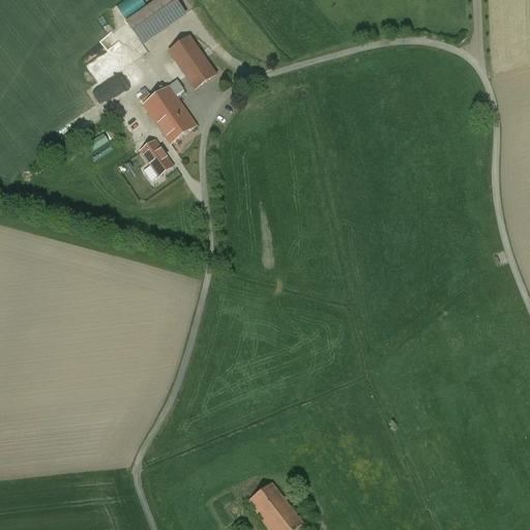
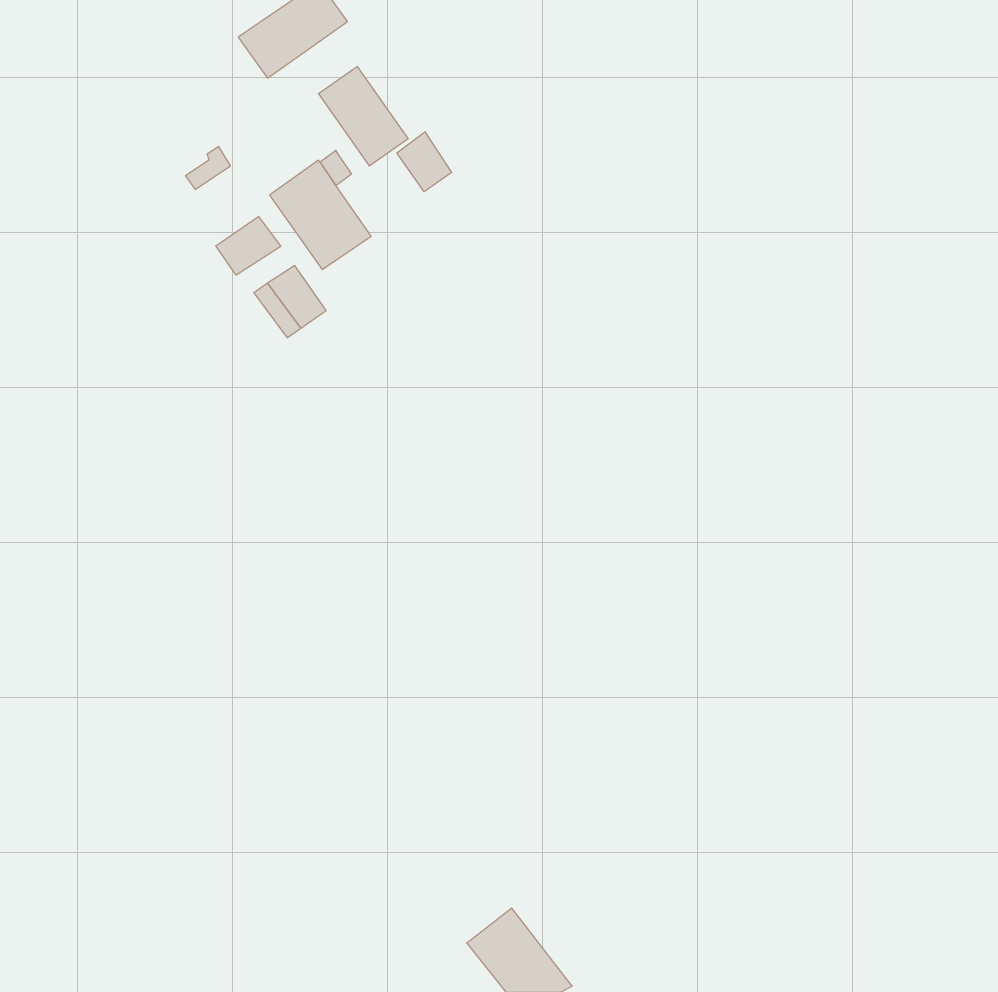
building: none -> [397,132,452,192]
building: none -> [216,216,281,275]

